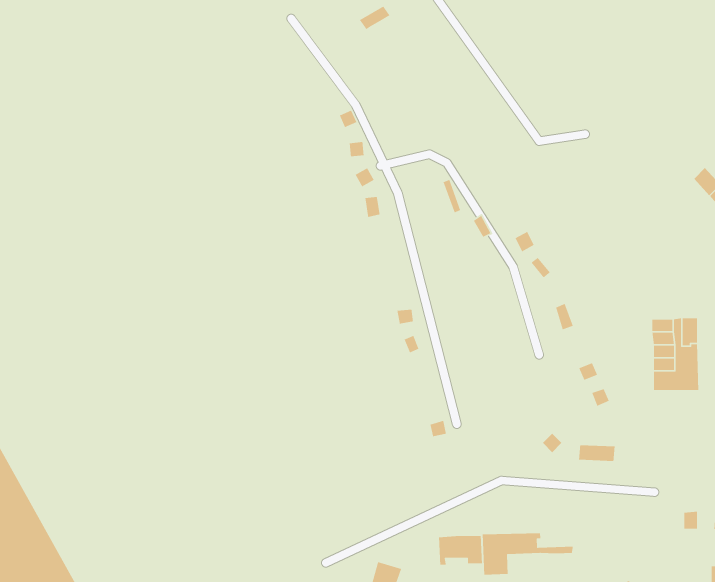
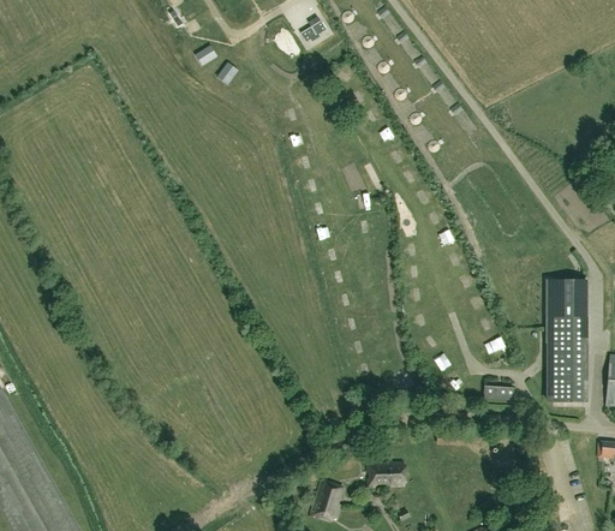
building: none -> [547,341,586,401]
building: [482,533,574,576] -> none

